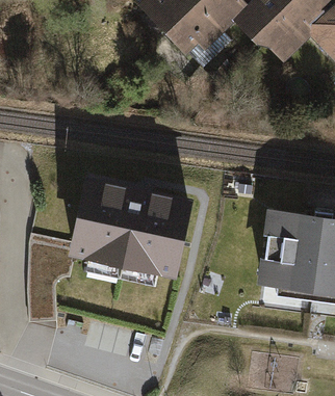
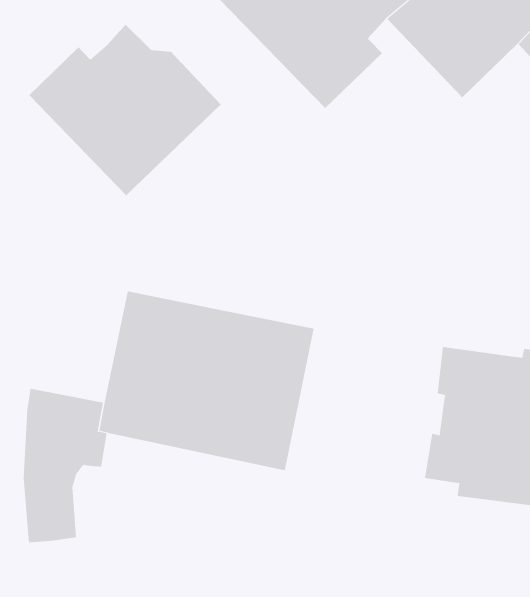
building: none -> [28,24,222,196]

